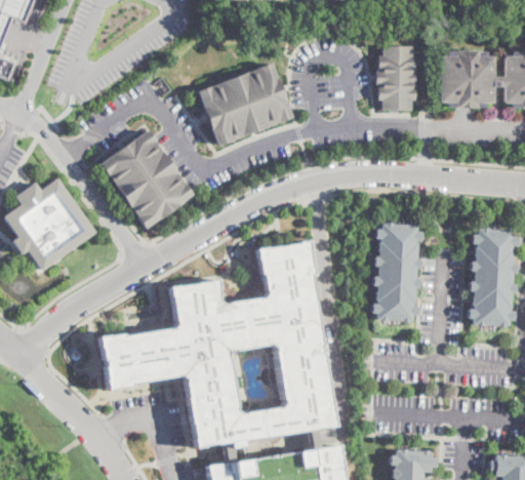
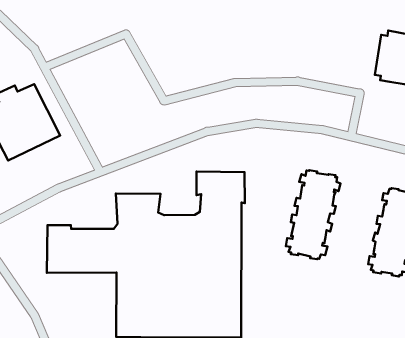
building: [373,45,415,111] -> none
building: [200,62,296,147] -> none
building: [97,129,191,228] -> none

